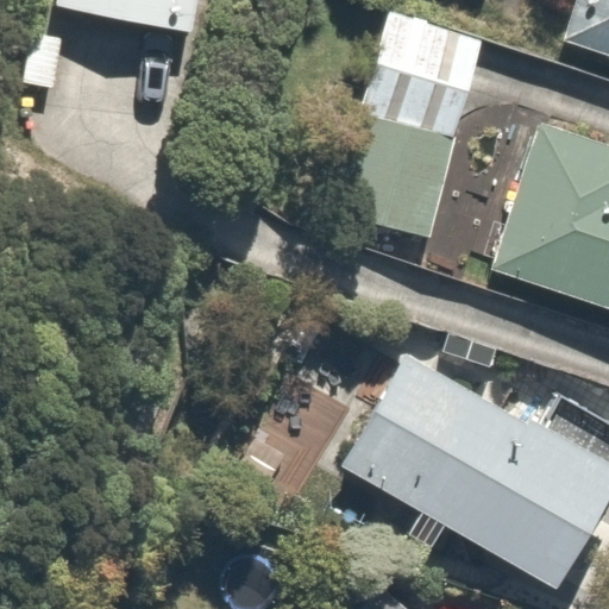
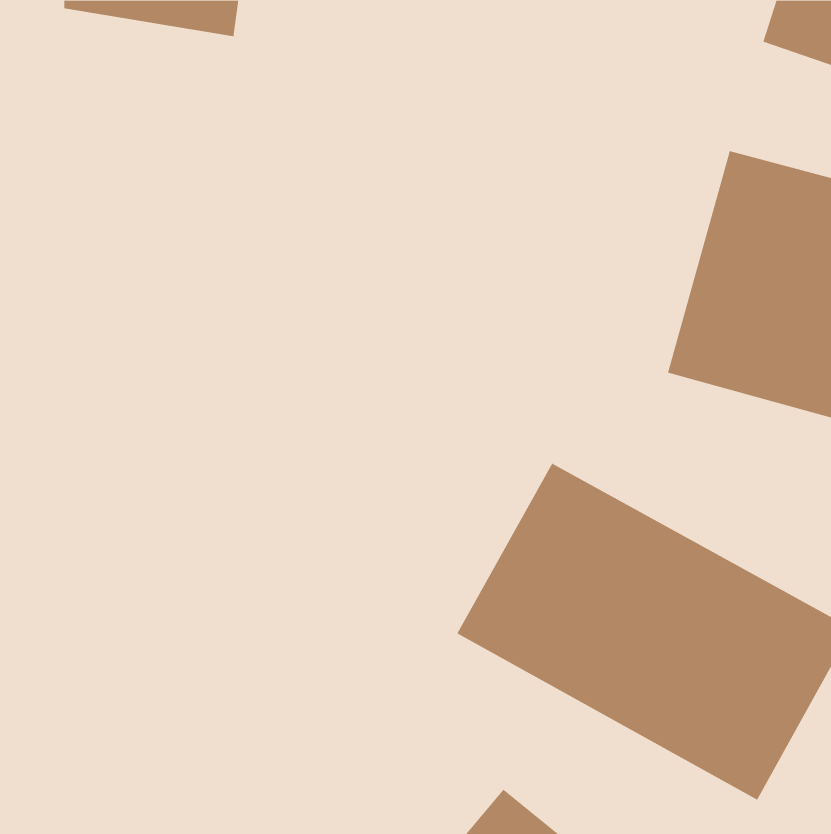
building: [332,20,492,251] -> none

